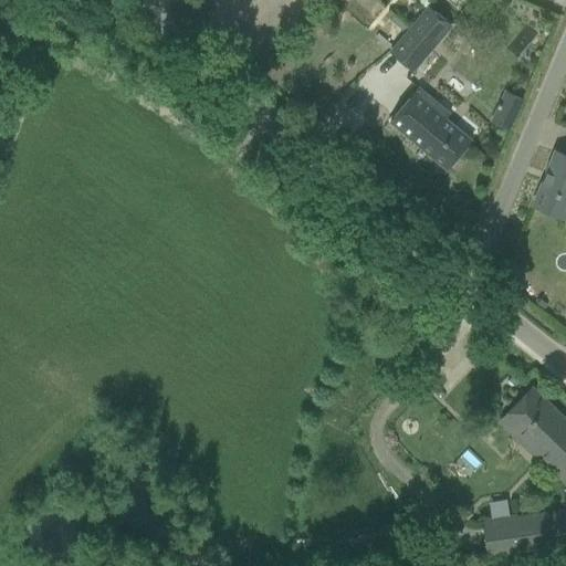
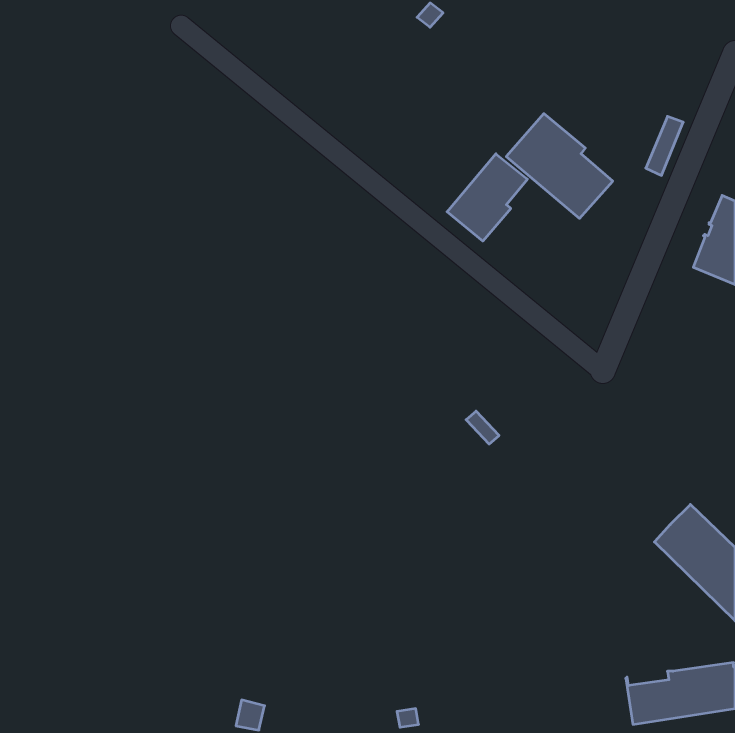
building: [390,7,450,70] -> none
building: none -> [447,154,527,241]

